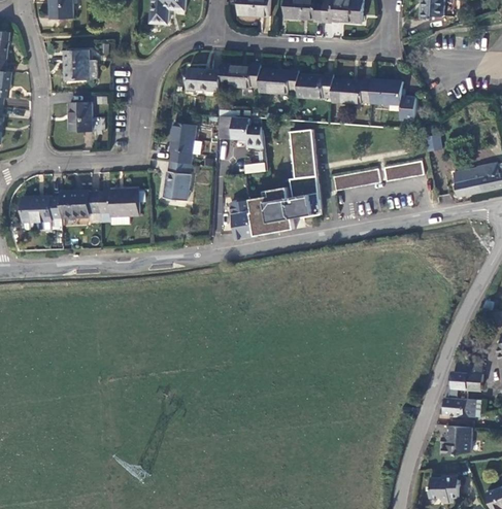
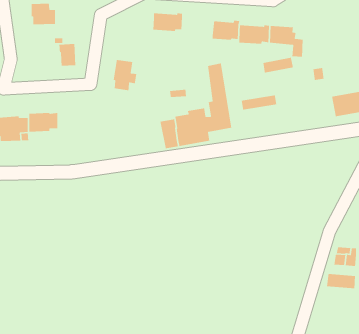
building: [187,68,221,91] -> none
building: [258,68,298,94] -> none
building: [68,101,91,131] -> [58,43,76,67]
building: [217,116,263,146] -> none
building: [383,159,424,180] -> [263,57,294,74]
building: [163,161,190,200] -> none
building: [99,189,138,216] -> none
building: [441,427,472,456] -> none

